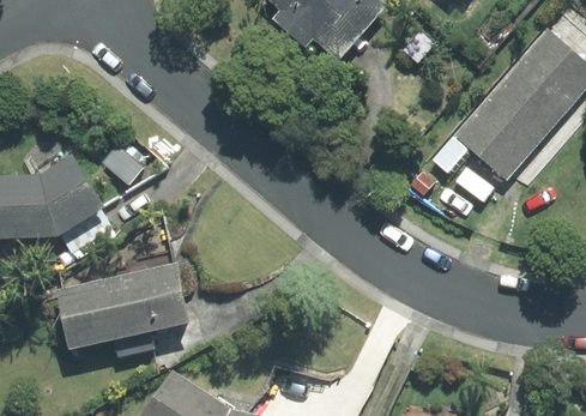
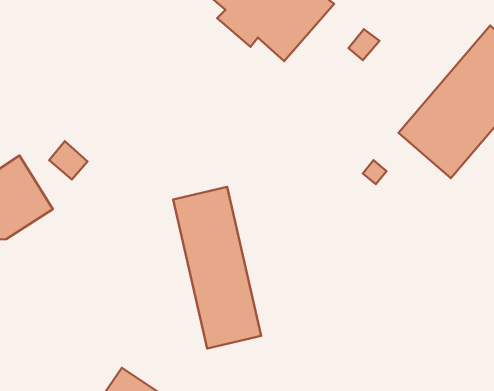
building: none -> [173,187,261,348]
building: [58,264,193,356] -> none

